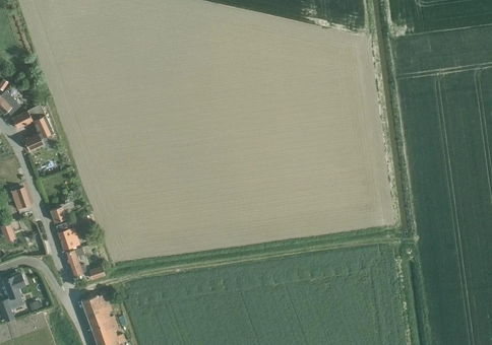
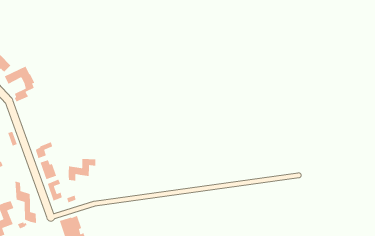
building: none -> [68,158,96,182]
building: none -> [15,180,37,224]

